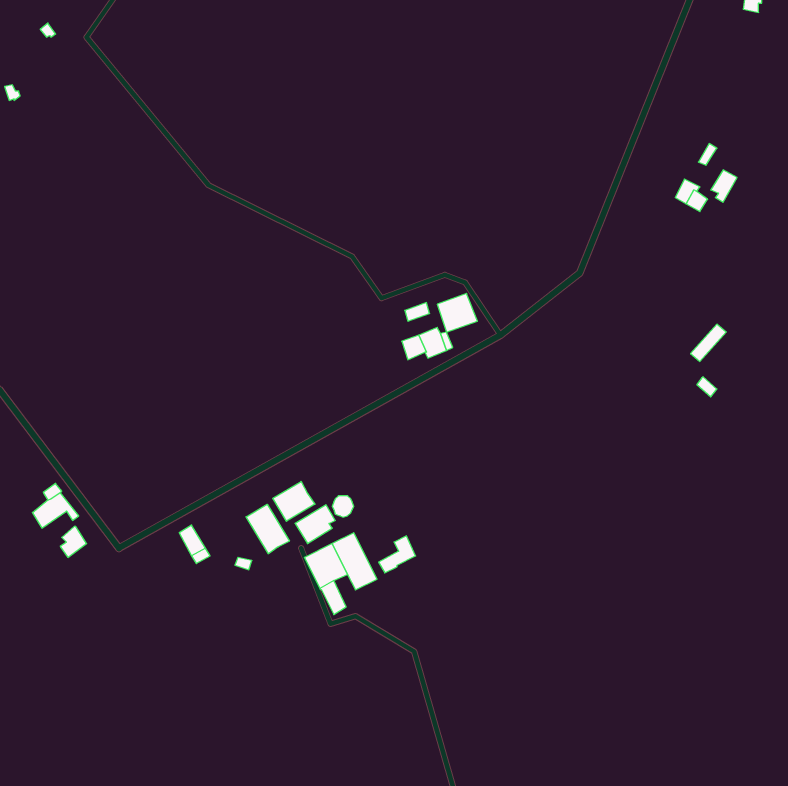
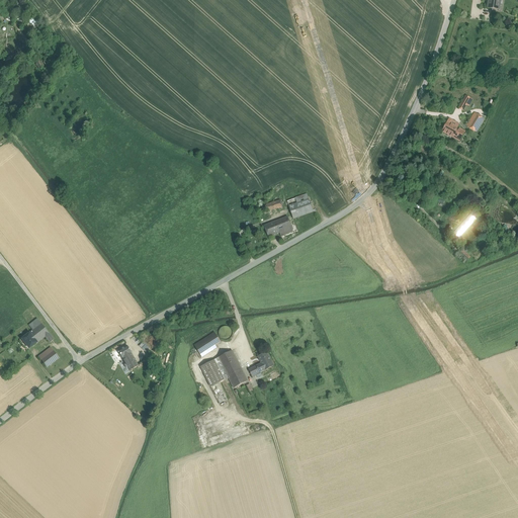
building: [273,481,315,521] -> none
building: [246,504,289,554] -> none

